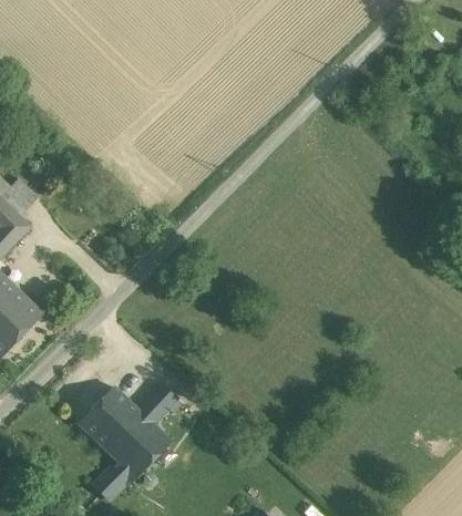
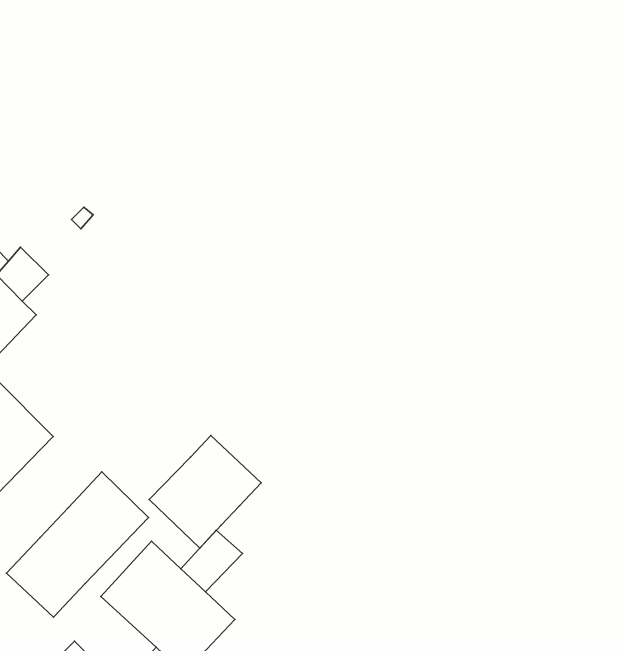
building: none -> [149,435,261,548]
building: none -> [6,472,149,617]

